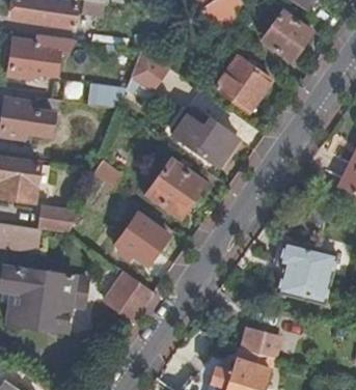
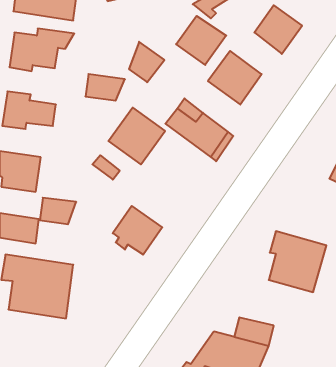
building: none -> [176,16,226,65]
building: [146,160,204,218] -> [108,108,165,164]
building: [103,272,154,323] -> none

